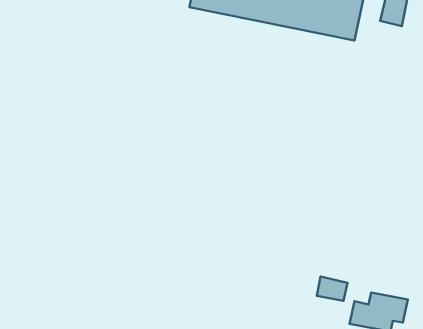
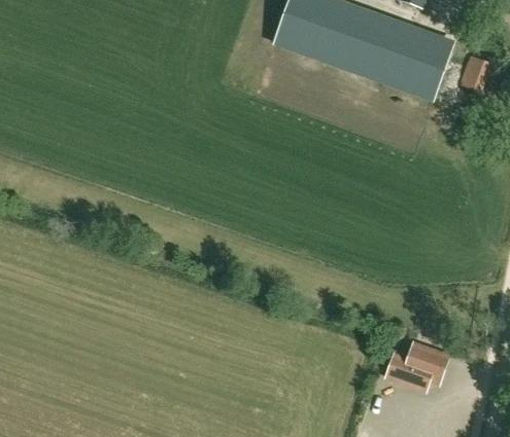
building: [317,277,347,301] -> none

